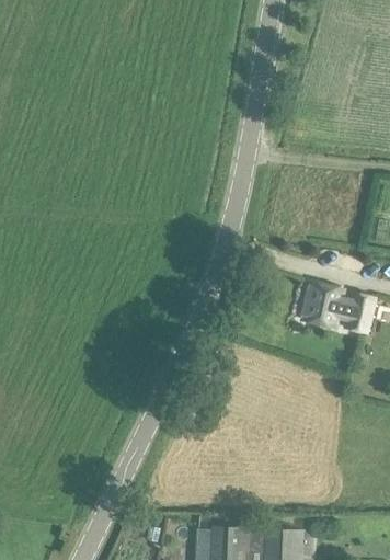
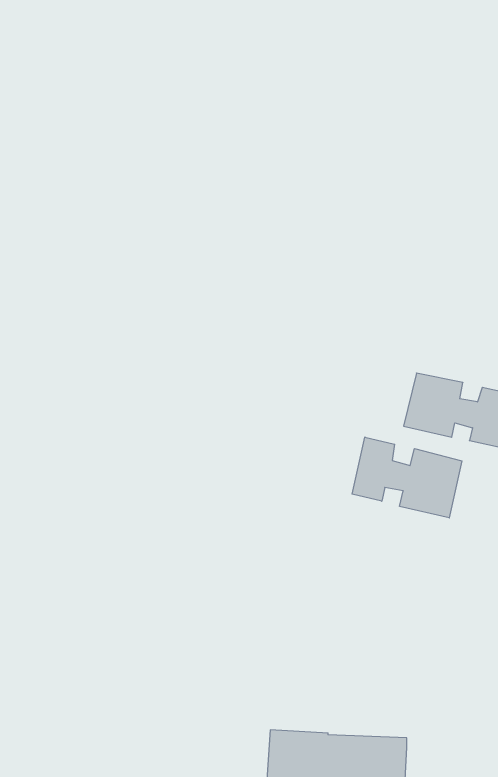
building: none -> [352,437,462,518]

